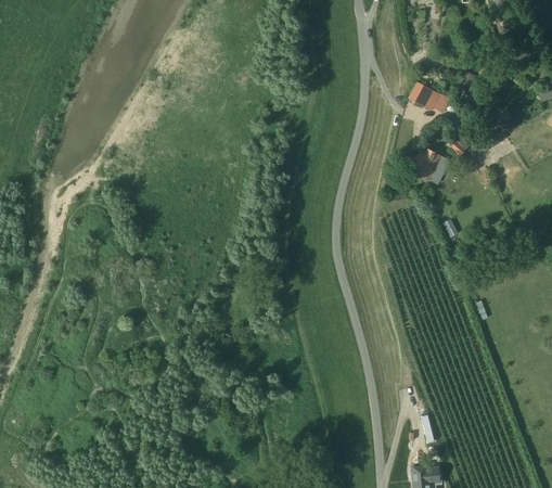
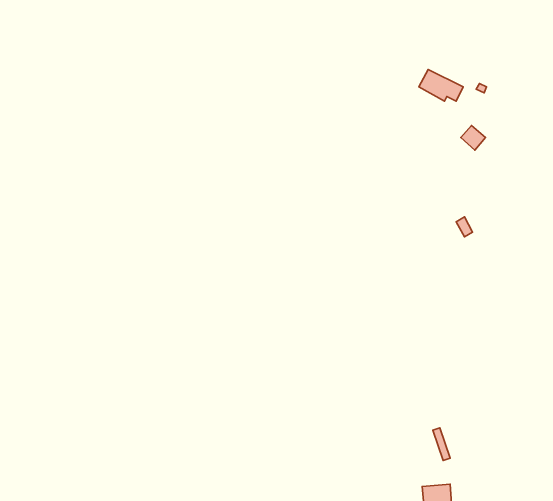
building: [411,146,442,180] -> none

